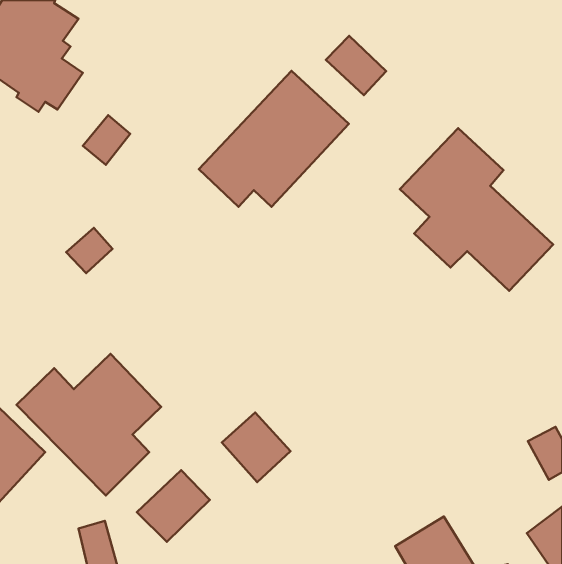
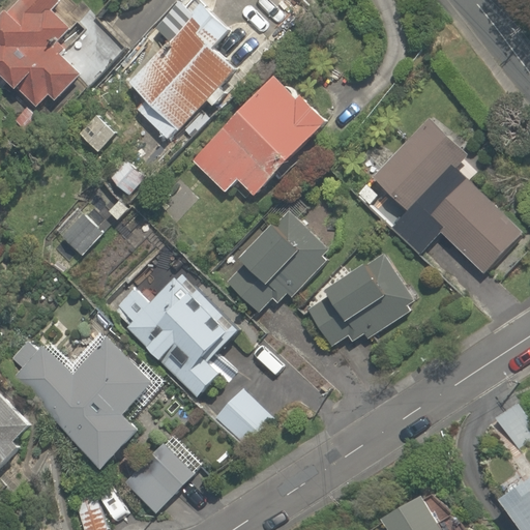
building: none -> [128,23,236,138]
building: [326,36,386,95] -> none
building: none -> [225,202,338,317]
building: none -> [306,254,416,345]
building: none -> [114,273,227,396]

